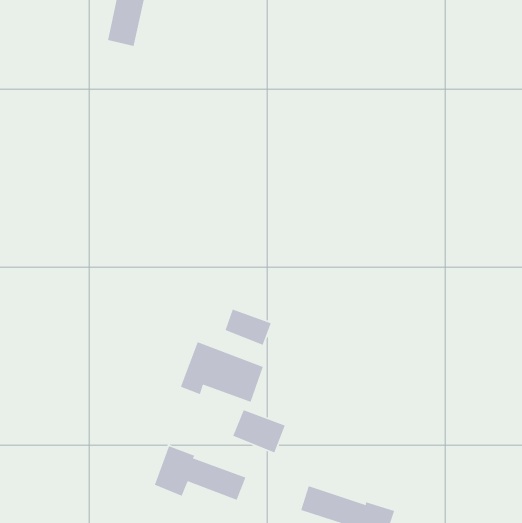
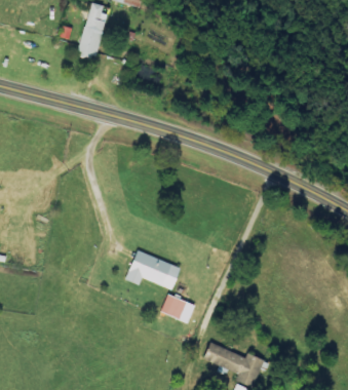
building: [224,309,272,346] -> none
building: [154,445,246,501] -> none

